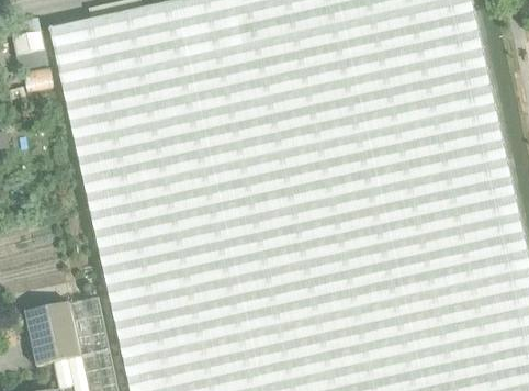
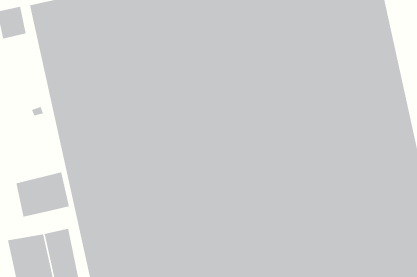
building: none -> [16,172,69,218]

